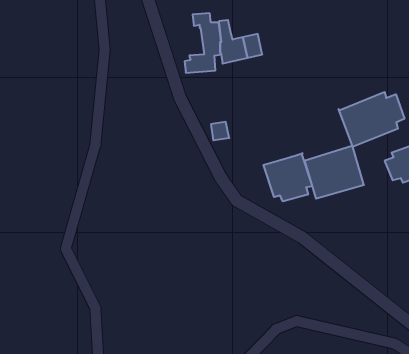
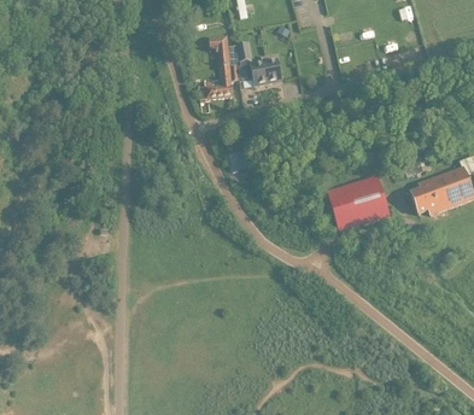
building: [339,92,404,147] -> none
building: [263,153,312,201] -> none

